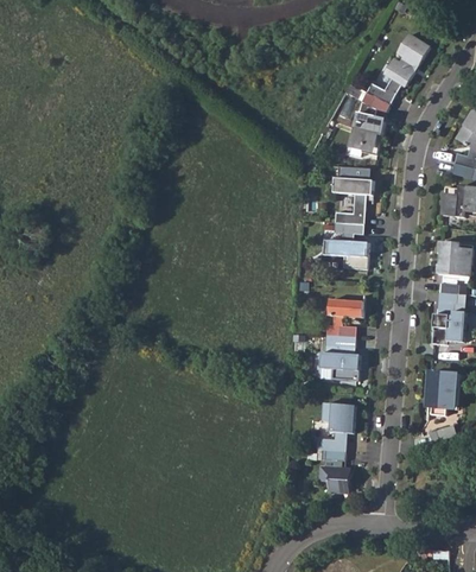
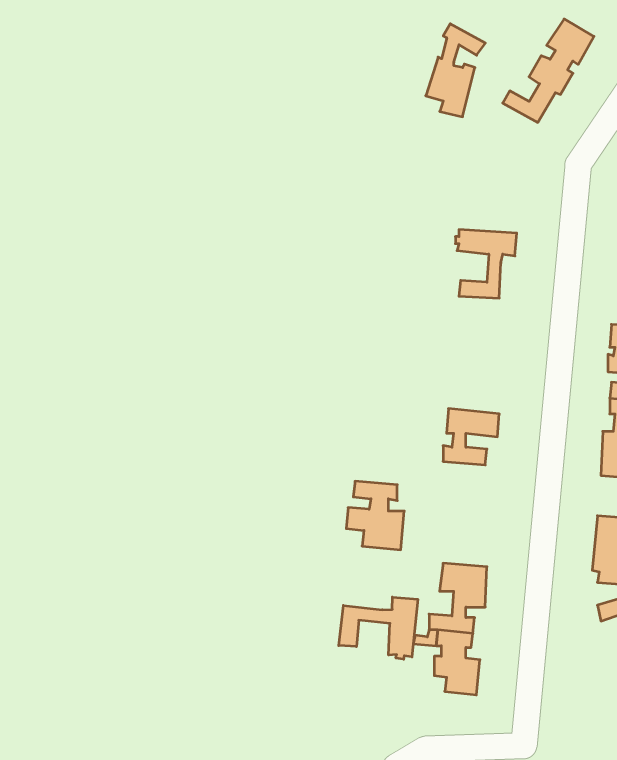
building: [350,91,391,154] -> [426,24,485,117]
building: [325,222,372,268] -> none
building: [320,333,360,380] -> [346,481,404,550]
building: none -> [339,597,418,659]

